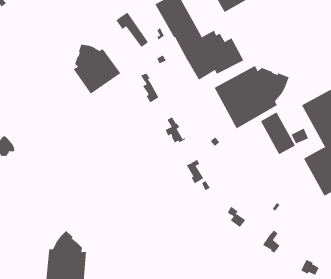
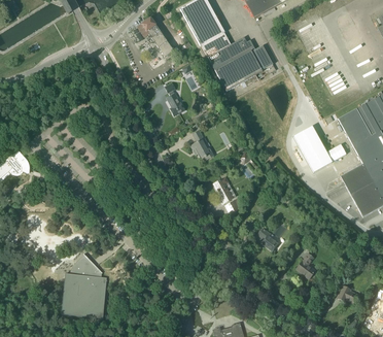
building: [73,43,121,95] -> none
building: [214,65,290,129] -> none

